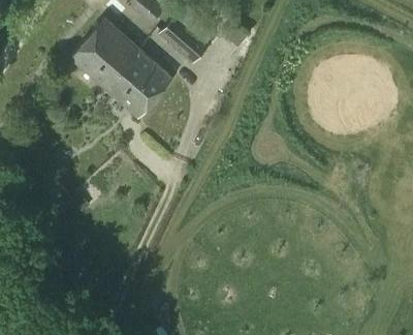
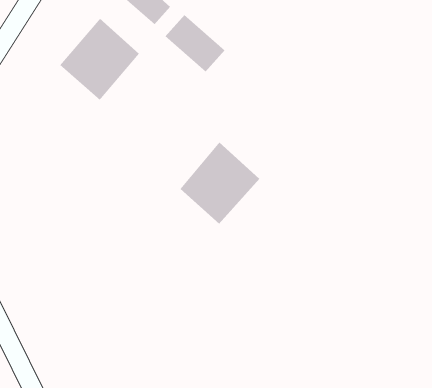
building: [104,50,171,119] -> [180,142,260,225]

